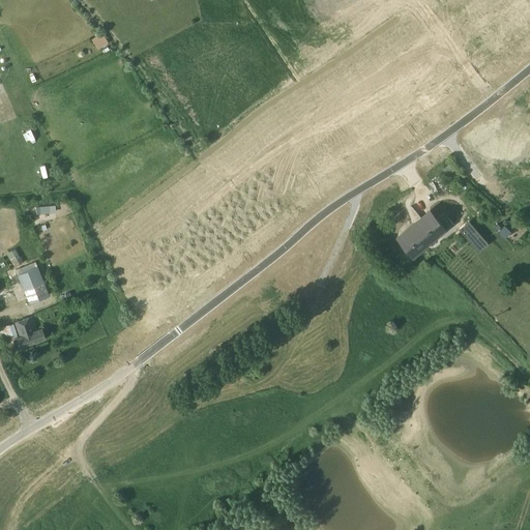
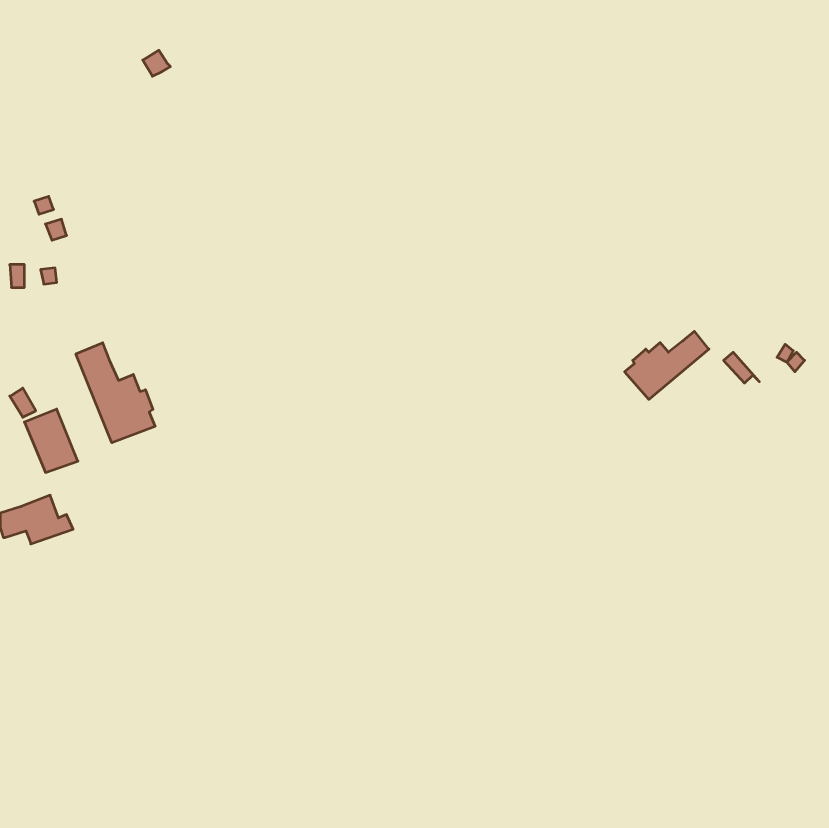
building: none -> [76,343,155,443]

